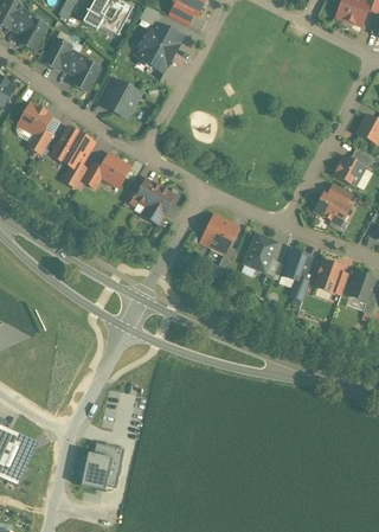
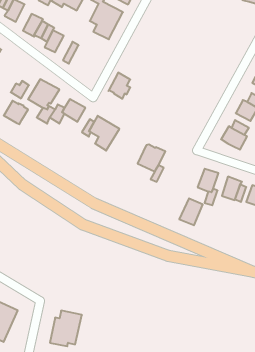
building: [107,81,136,116] -> [108,73,130,99]
building: [18,103,51,135] -> [4,101,28,124]
building: [244,233,276,270] -> [179,198,203,225]

